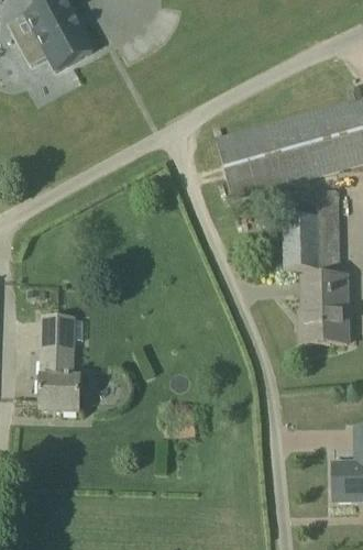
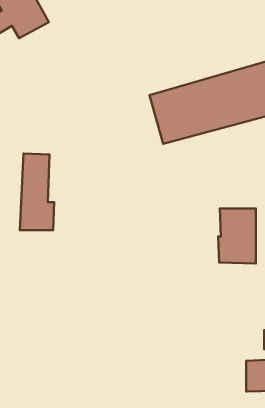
building: [283,190,337,270] -> none
building: [38,317,80,410] -> [20,154,54,230]

